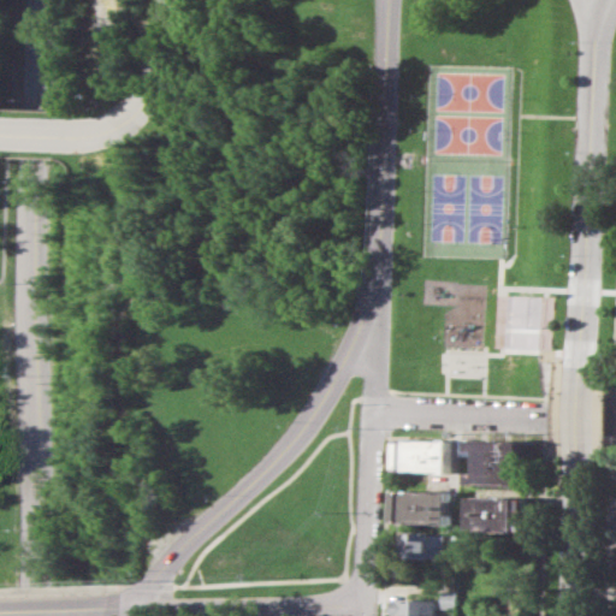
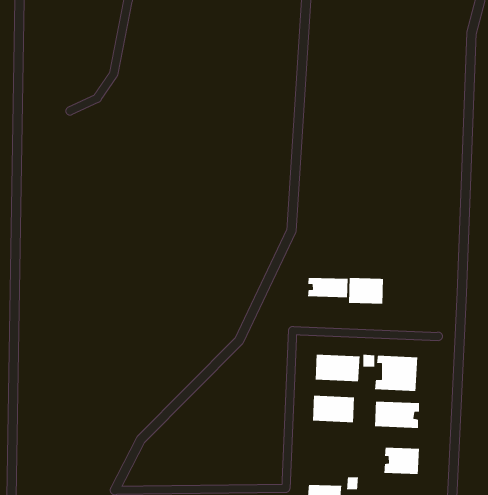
building: none -> [307,277,348,298]
building: [392,534,432,561] -> none
building: none -> [384,447,420,475]

